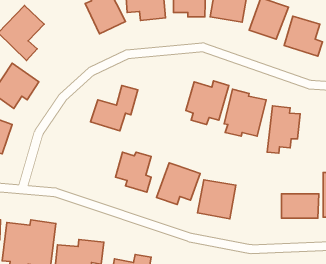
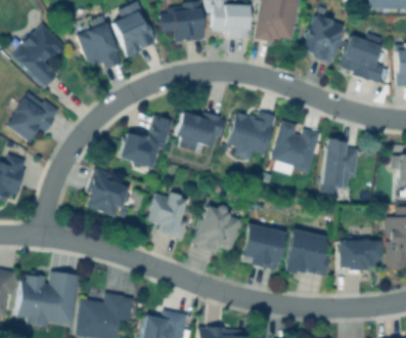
building: none -> [78,23,123,69]
building: none -> [176,108,224,152]
building: none -> [85,168,132,215]
building: none -> [285,229,331,277]

